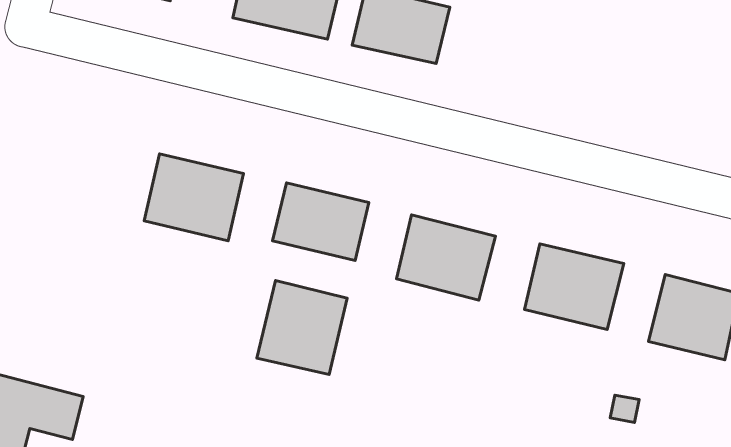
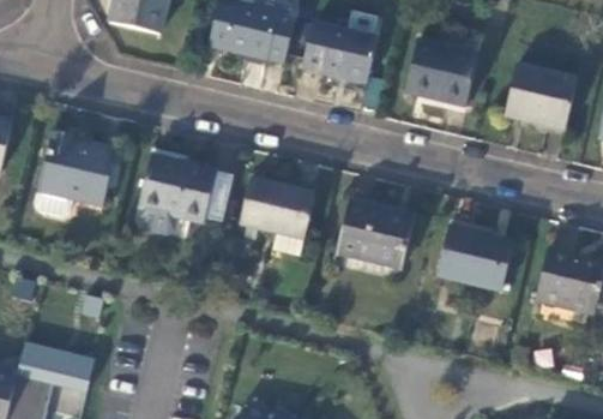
building: none -> [405,41,480,108]
building: none -> [505,64,578,131]
building: none -> [35,131,116,219]
building: [257,281,347,375] -> none

